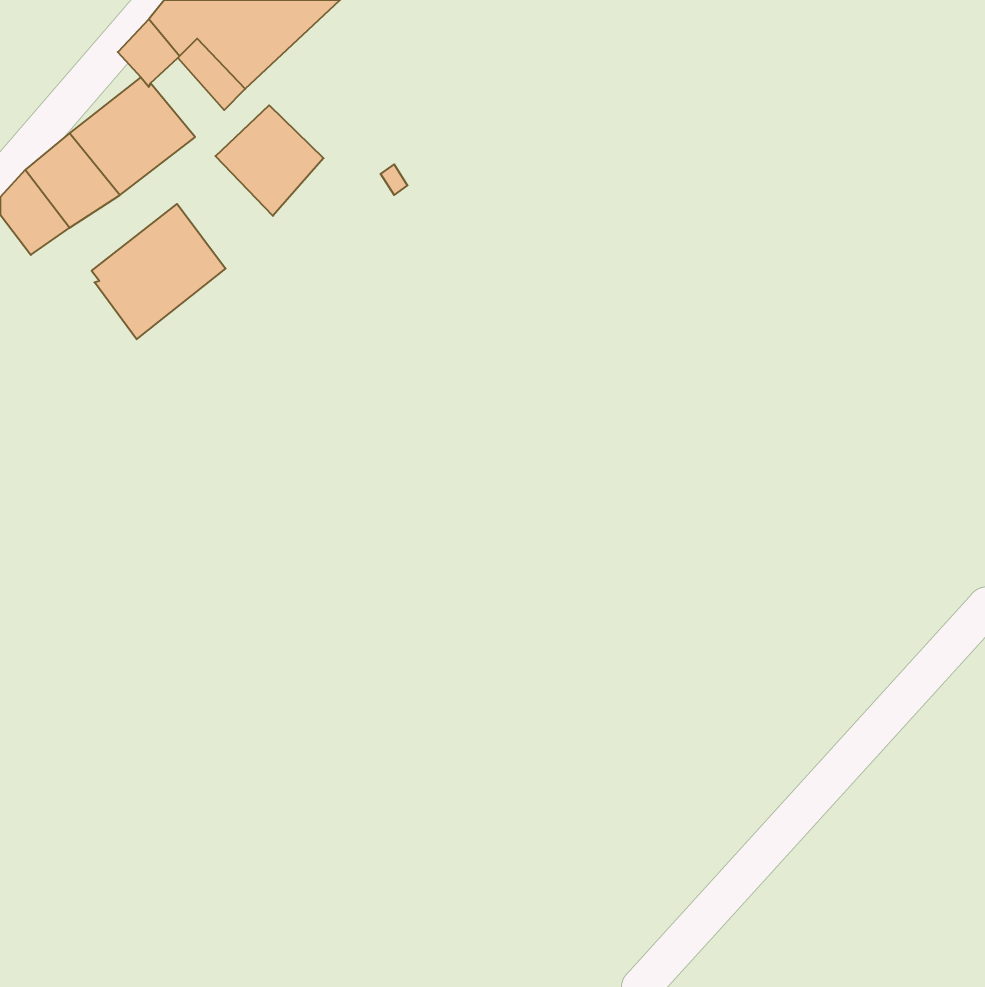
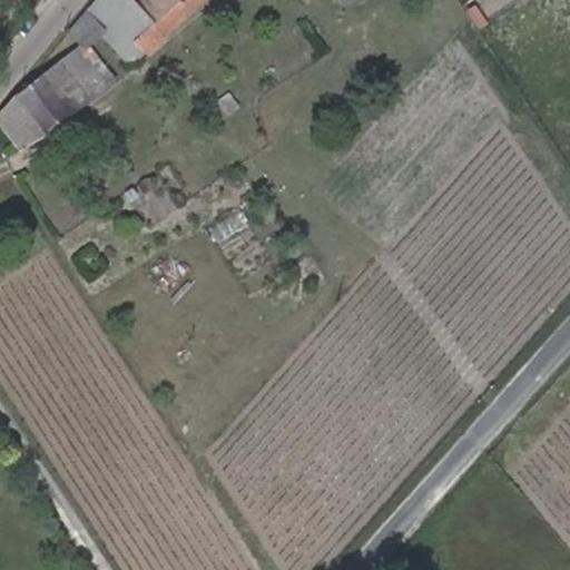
building: [215,105,324,216] -> none
building: [92,204,226,339] -> none

